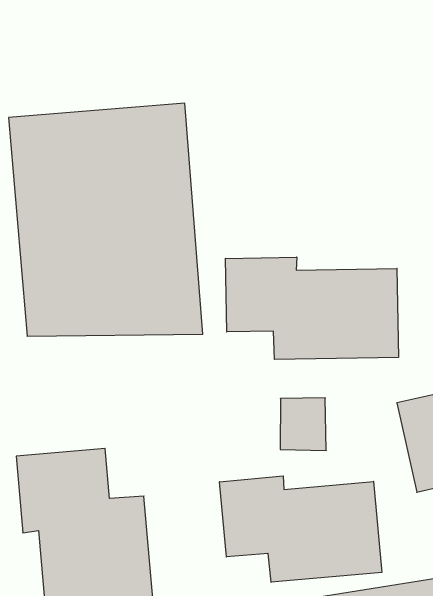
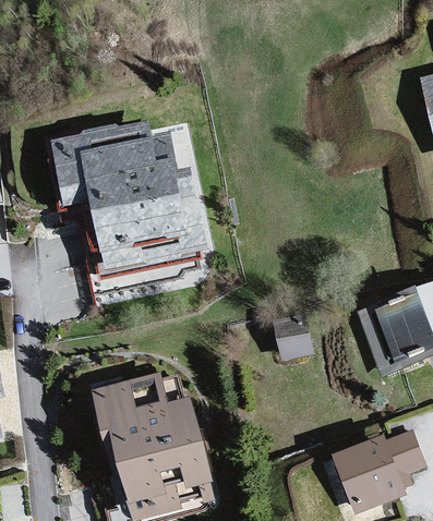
building: [225,257,398,359] -> none
building: [220,476,382,582] -> none

